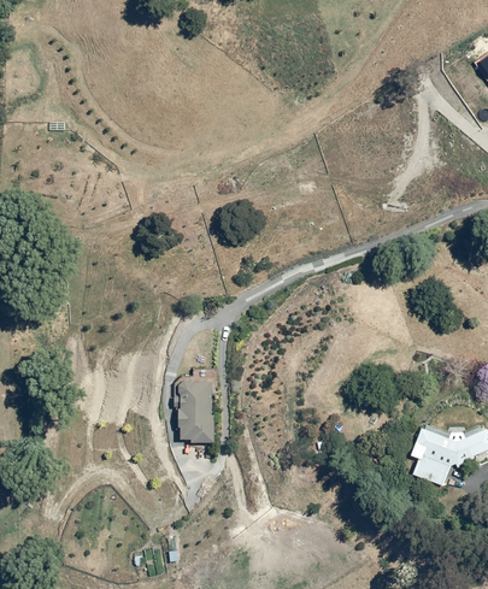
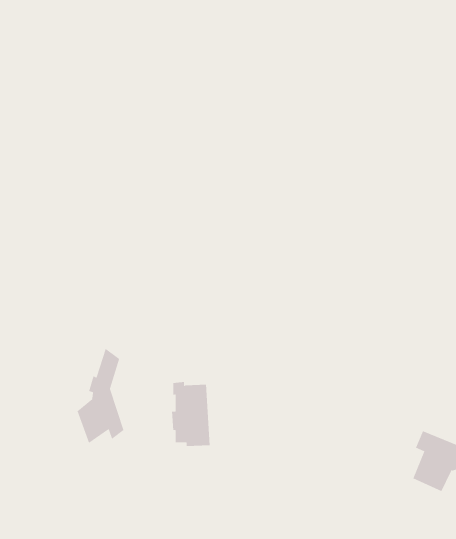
building: none -> [77,348,124,444]

